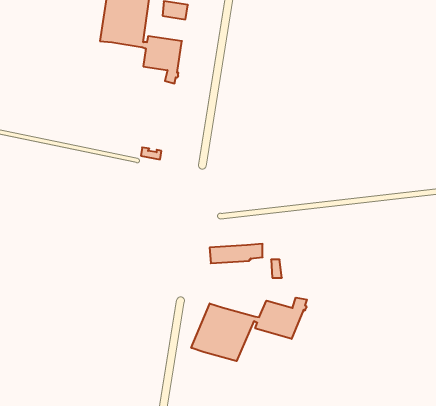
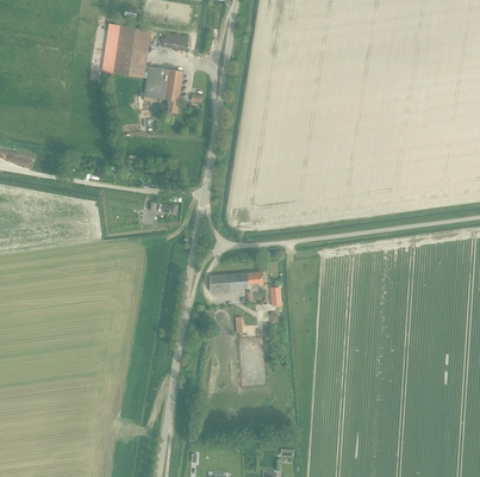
building: [191,298,307,361] -> none

